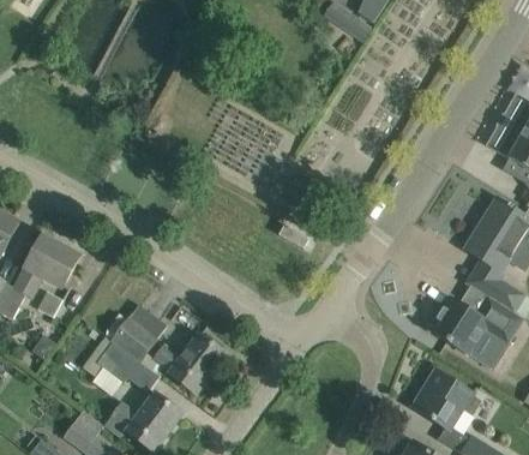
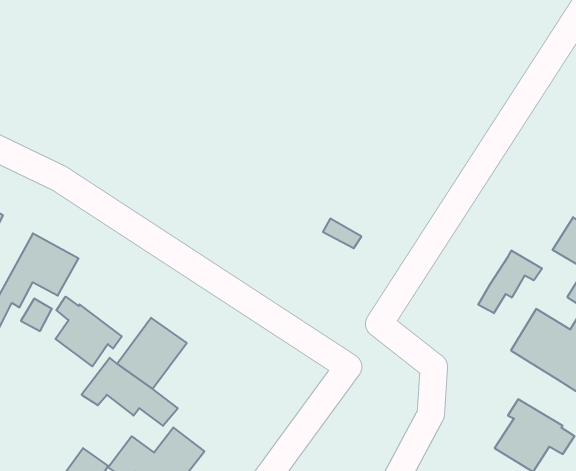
building: none -> [478,250,542,313]
building: none -> [55,297,122,366]
building: [151,334,224,393] -> none

